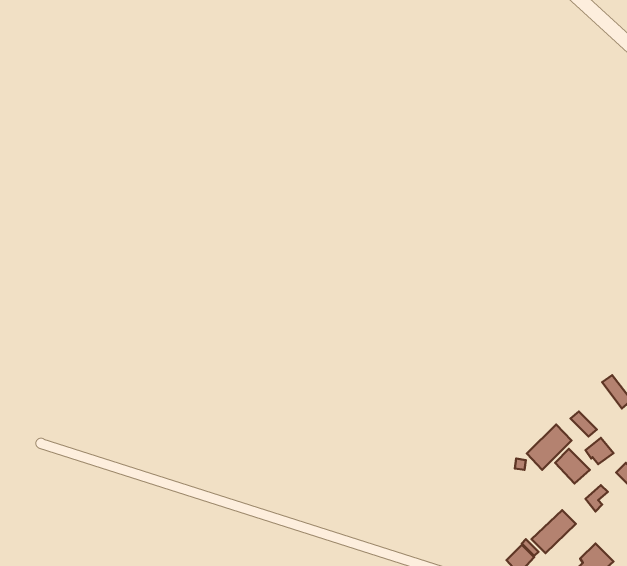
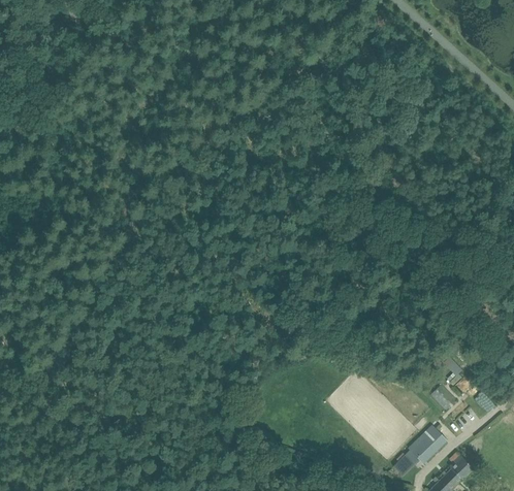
building: [527,424,572,470] -> none

